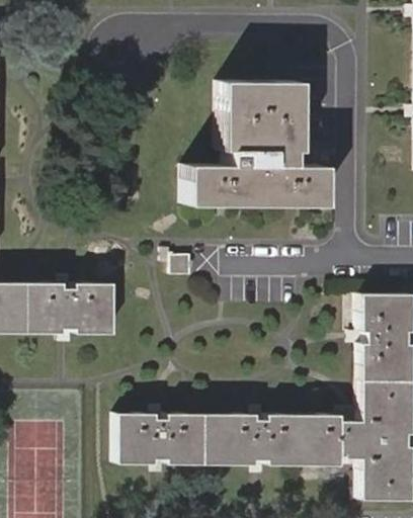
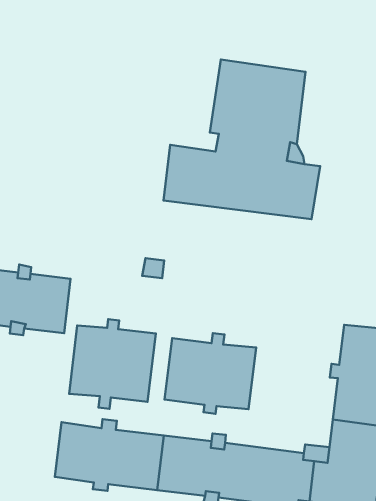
building: none -> [69,319,156,409]
building: none -> [164,333,256,414]

